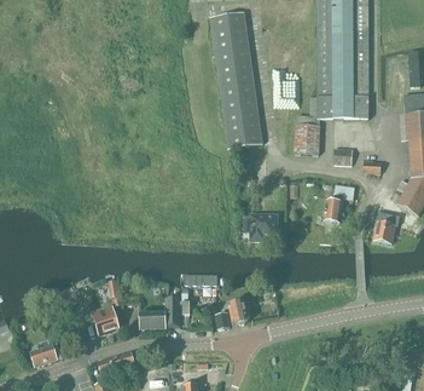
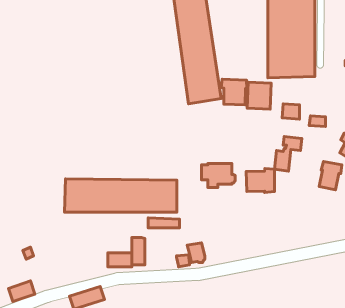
building: none -> [221,79,247,105]
building: none -> [246,169,274,192]
building: none -> [65,179,177,212]
building: [77,304,118,339] -> none

